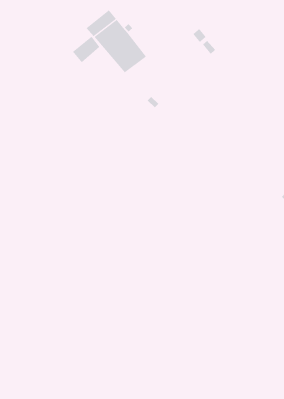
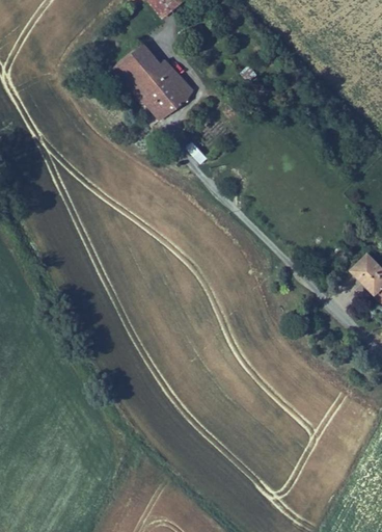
building: [72,36,100,63] -> none

